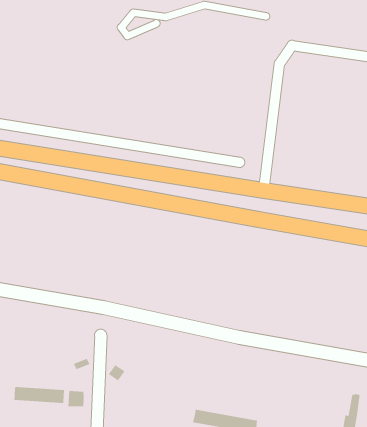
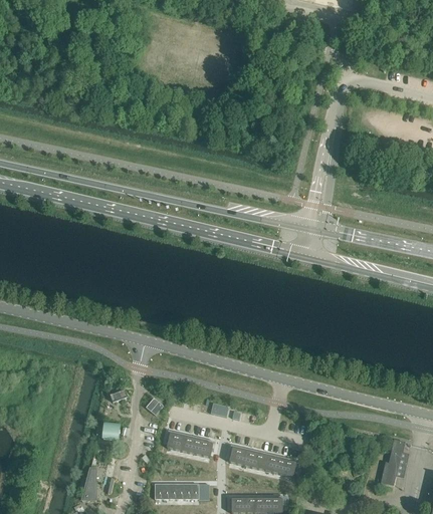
building: [14,386,65,404] -> none
building: none -> [167,433,213,457]

